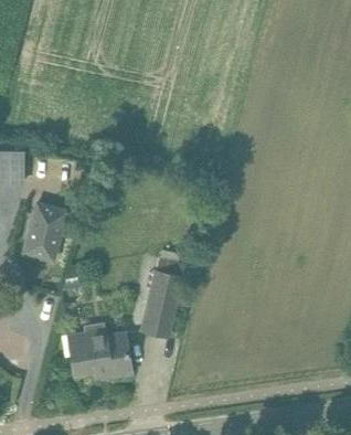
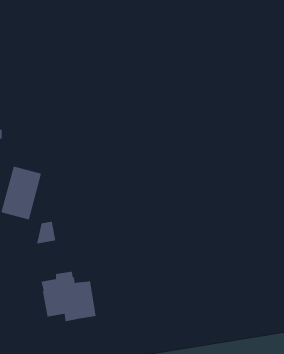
building: [140,251,184,338] -> none

